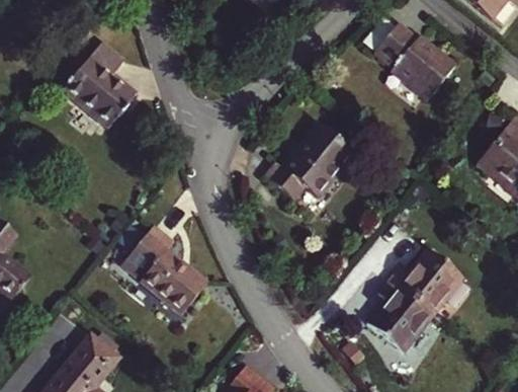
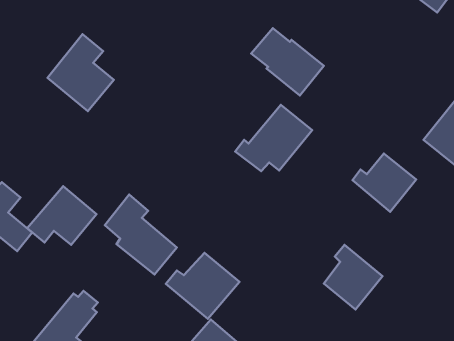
building: [377,23,459,99] -> [251,28,324,96]
building: none -> [27,186,97,245]
building: [393,250,464,316] -> [353,153,416,212]
building: none -> [166,253,239,319]

